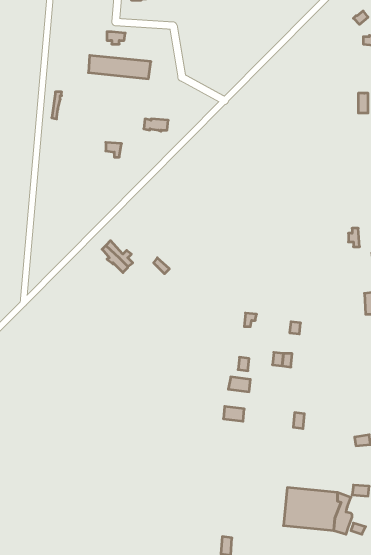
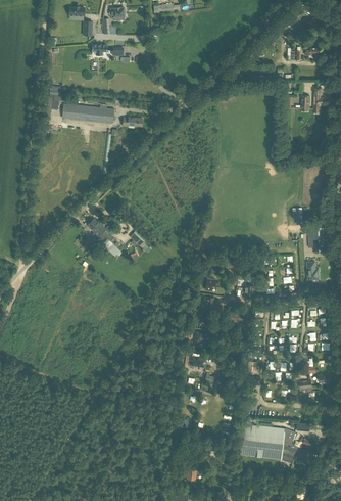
building: [88,55,151,79] -> [62,103,114,123]

